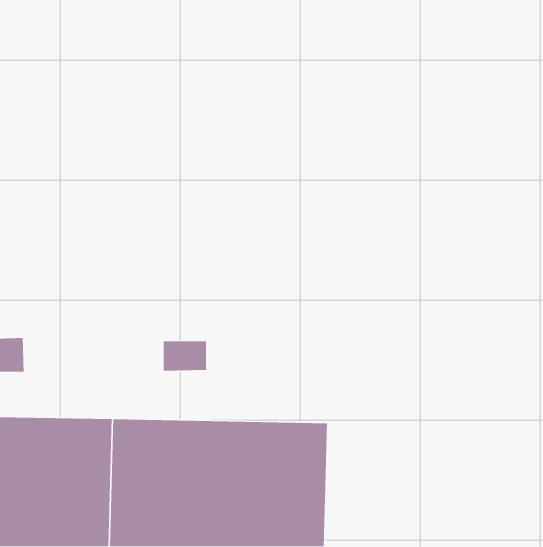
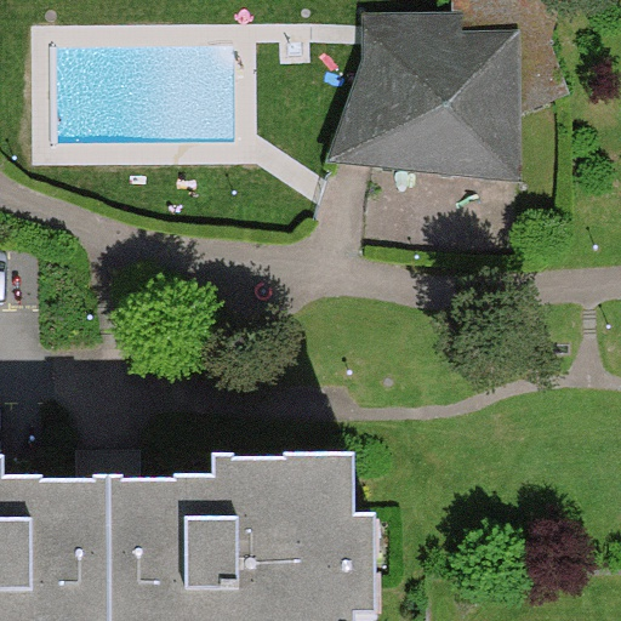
building: none -> [351,25,522,181]

